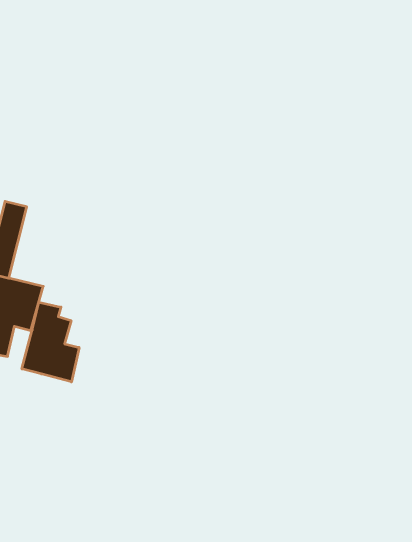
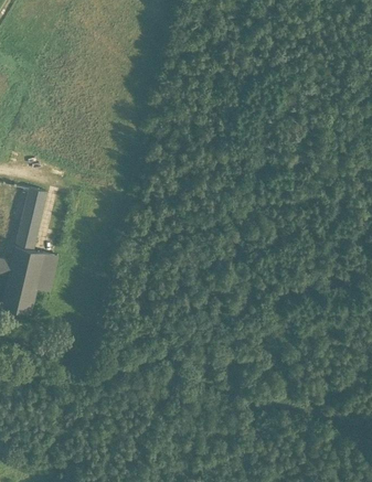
building: [22,302,79,382] -> none

